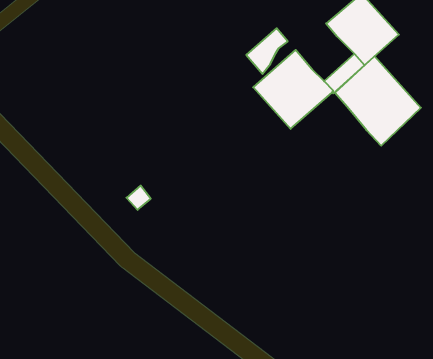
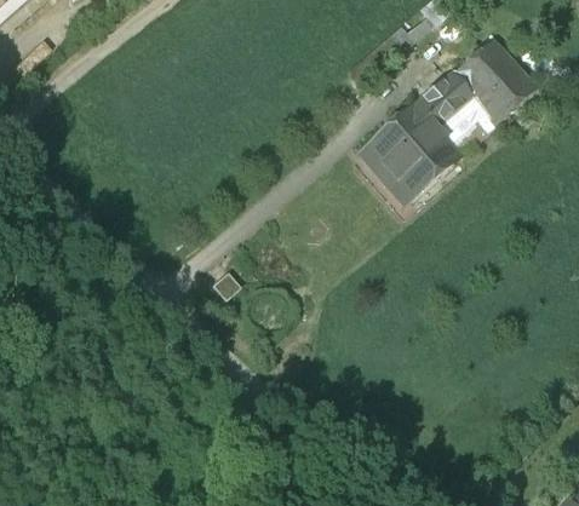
building: [246,28,288,74] -> [413,74,463,128]
building: [335,56,421,146] -> none

